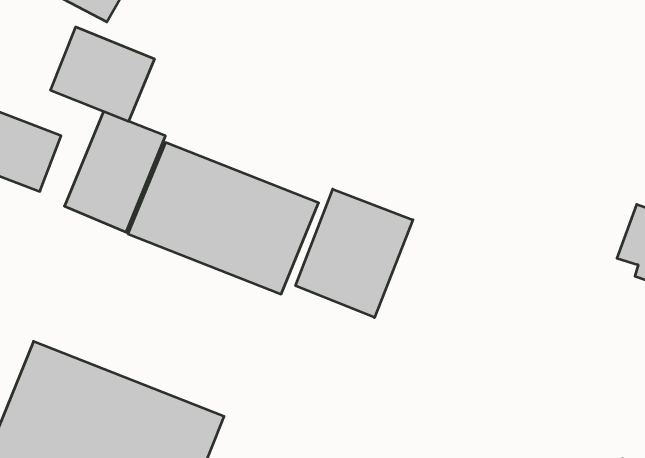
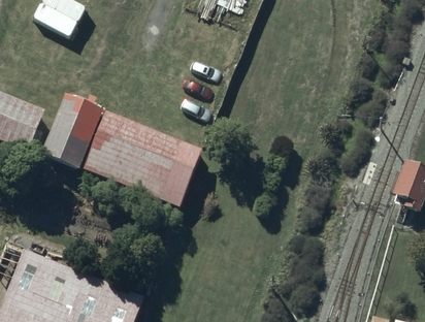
building: [51,27,154,121] -> none
building: [296,189,413,318] -> none

